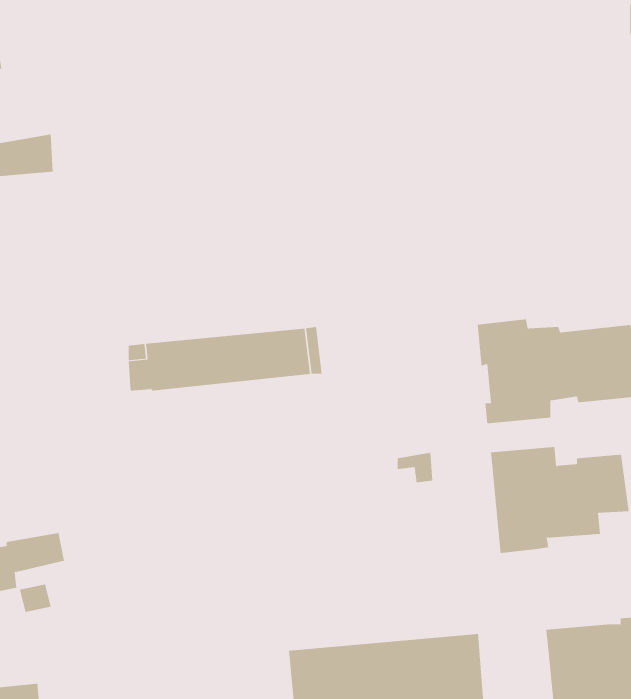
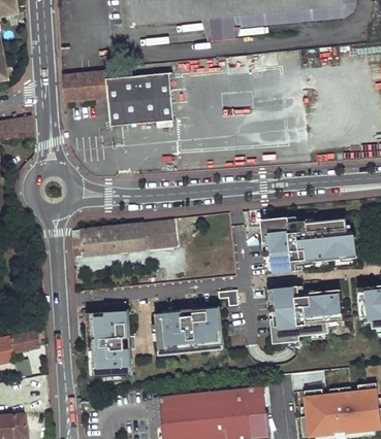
building: none -> [63,71,176,126]
building: none -> [156,306,224,353]
building: none -> [88,308,133,377]

